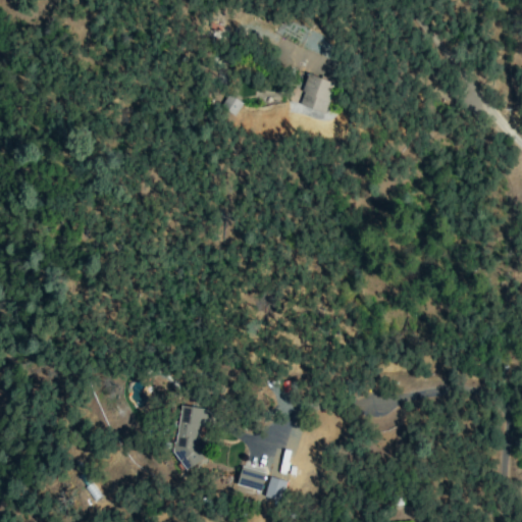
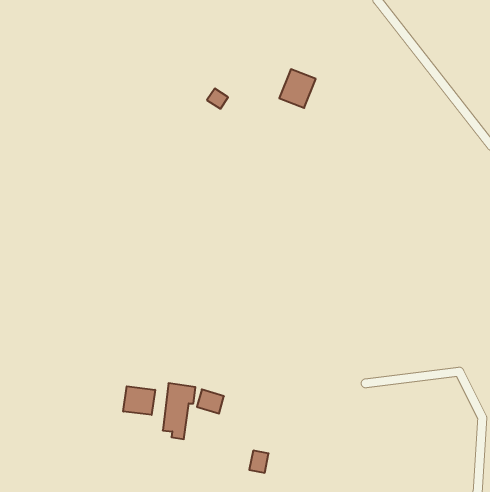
building: none -> [123,386,155,415]
building: [238,466,266,491] -> [197,389,224,414]

